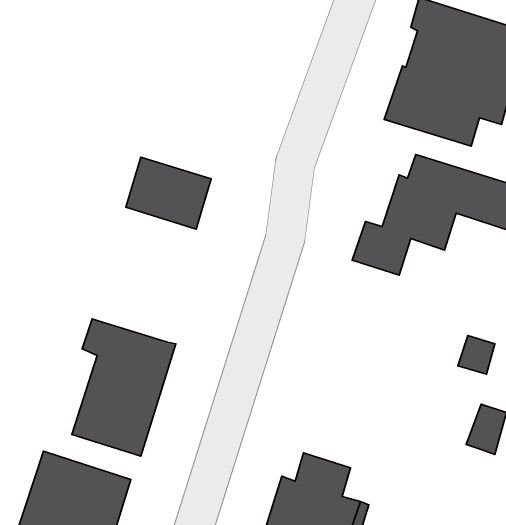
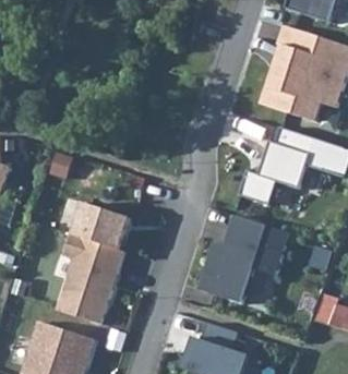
building: [126,157,211,229] -> [72,202,128,249]
building: none -> [196,214,288,302]

